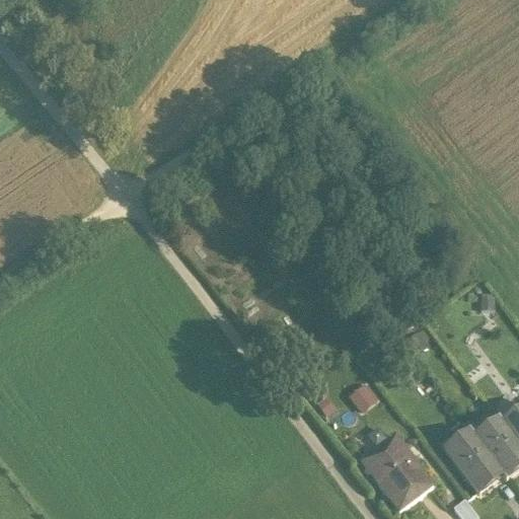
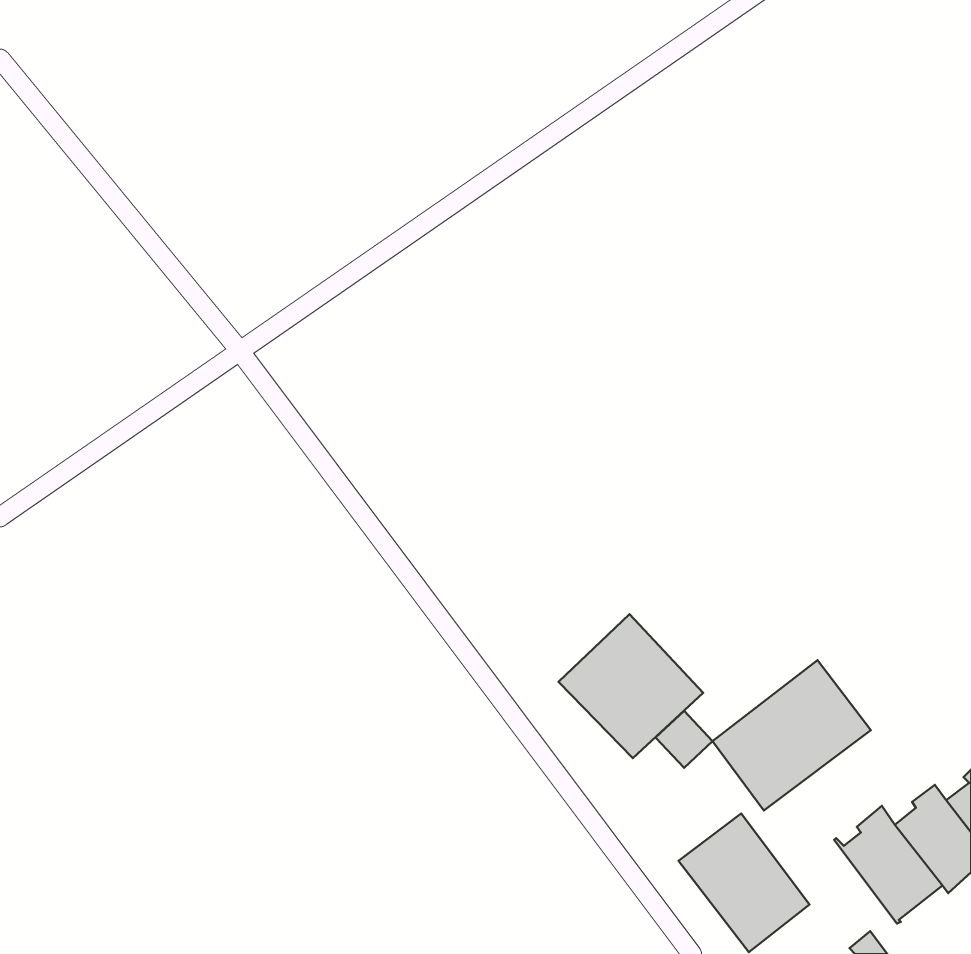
building: none -> [558,614,703,758]
building: none -> [713,660,871,811]

